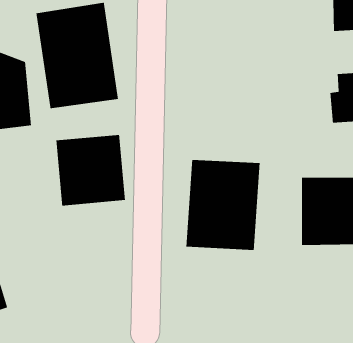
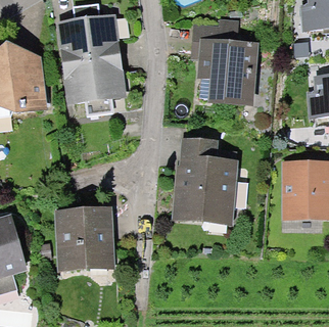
building: none -> [204,42,265,105]
building: [56,134,126,207] -> [57,208,118,271]

